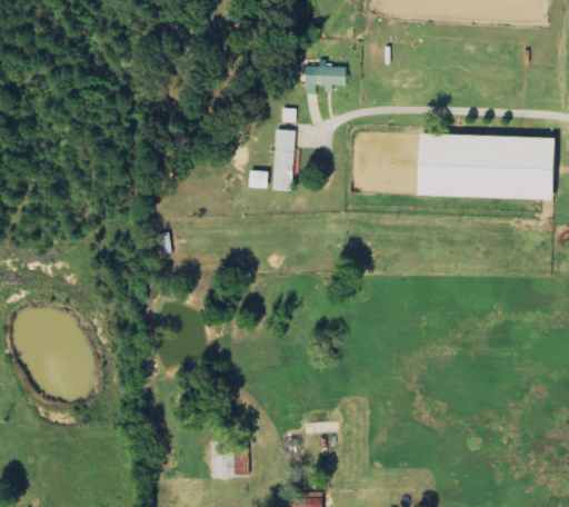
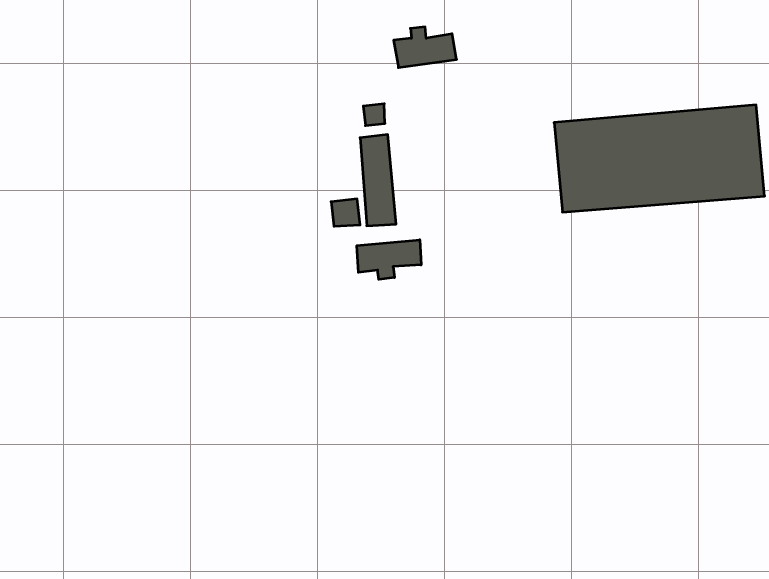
building: none -> [357,240,421,279]

